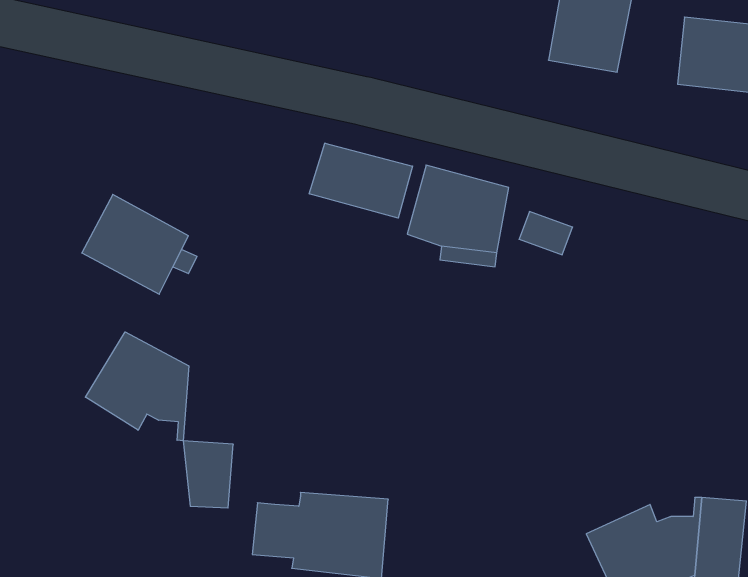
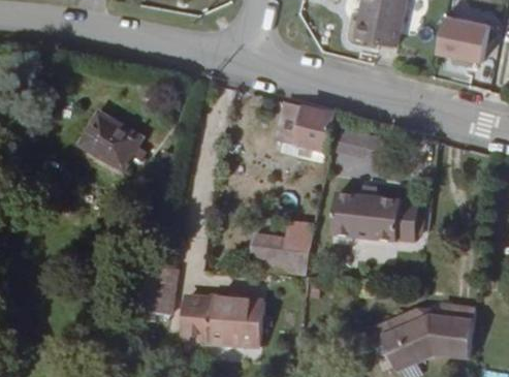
building: [309,143,413,218] -> none
building: none -> [332,193,417,241]
building: [85,332,189,441] -> none
building: none -> [247,224,314,278]

